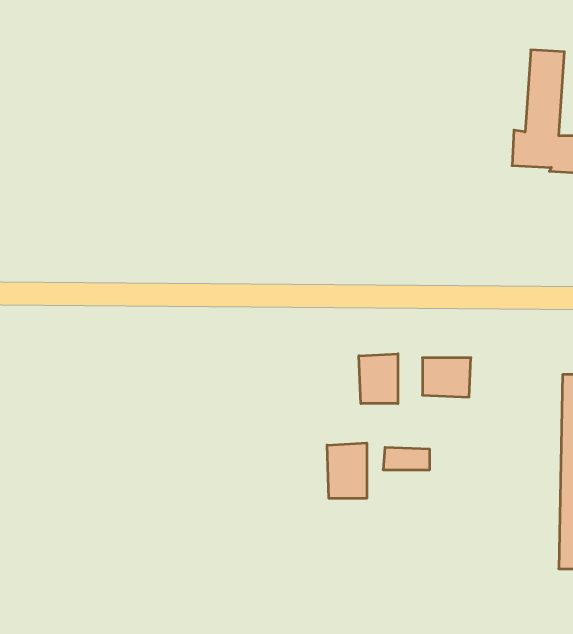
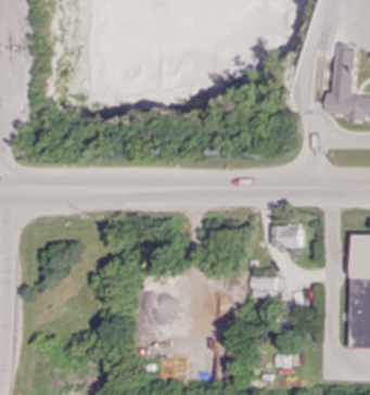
building: [359,354,398,404] -> none
building: [327,443,367,498] -> none

